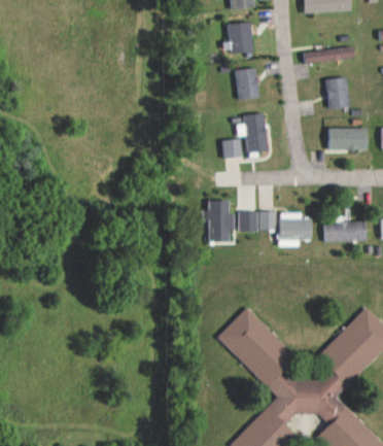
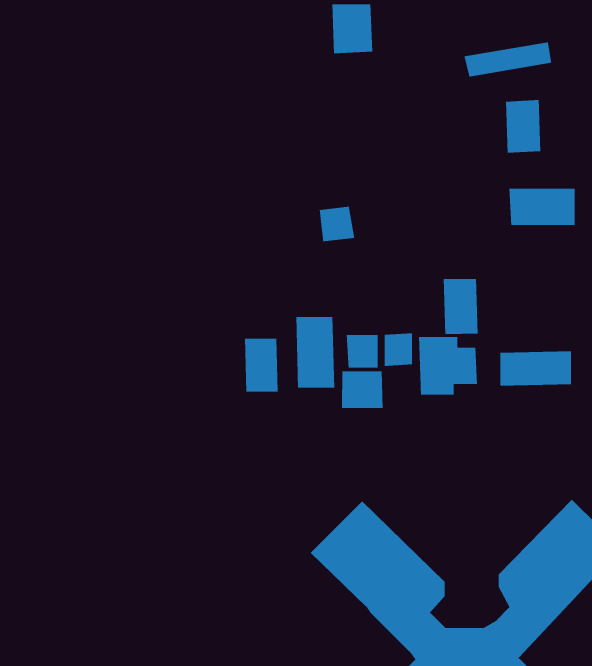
building: [236,69,257,100] -> none
building: [236,113,268,153] -> none
building: none -> [443,278,478,335]
building: none -> [244,338,278,392]
building: none -> [341,370,384,409]

